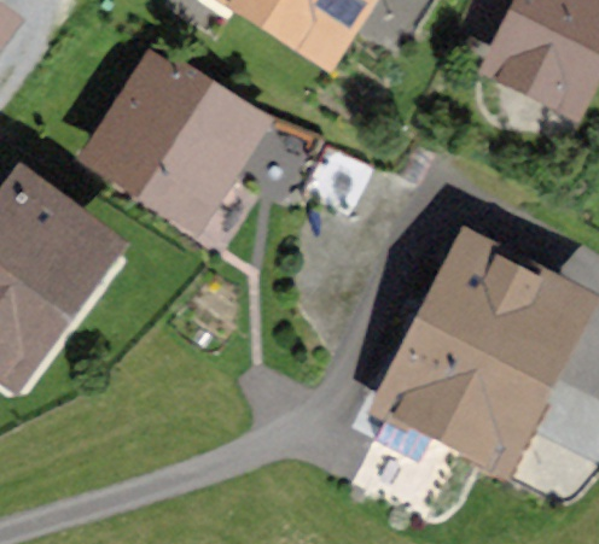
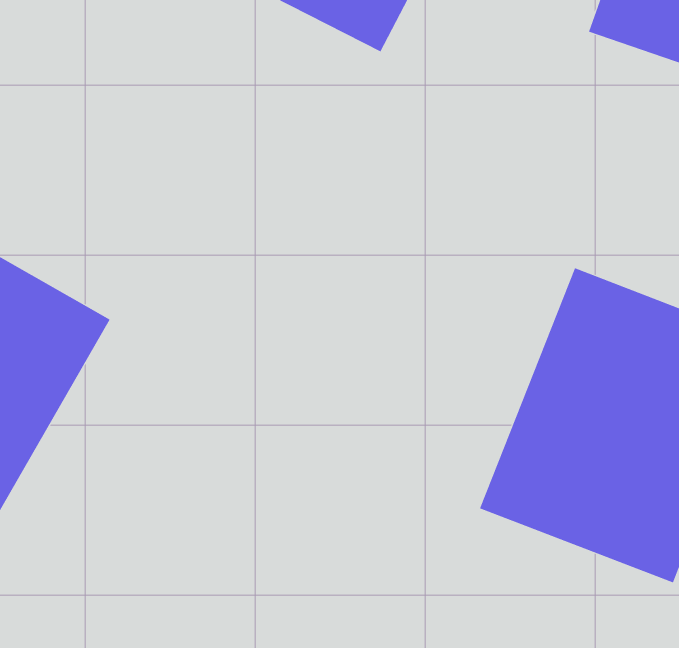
building: [78,49,264,230] -> none

